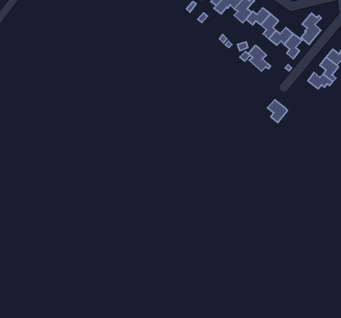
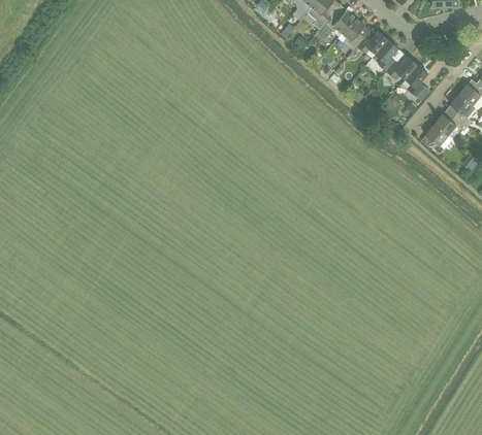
building: [301,13,321,45] -> none
building: [248,46,271,71] -> none
building: [267,100,288,122] -> [426,124,452,153]

